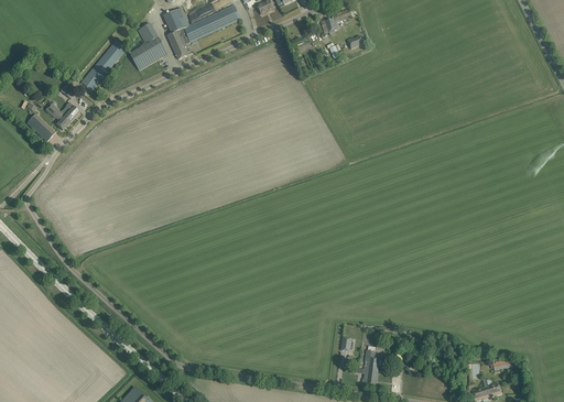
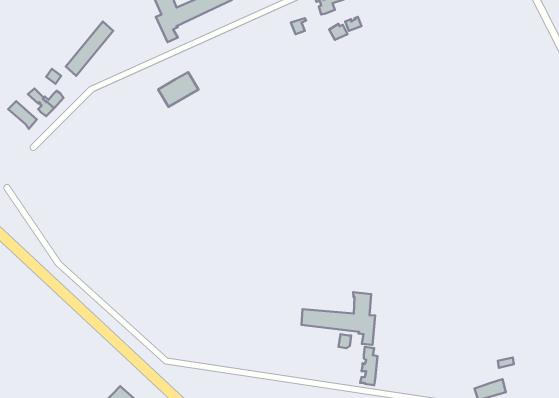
building: [130,36,169,69] -> [158,72,199,107]
building: none -> [301,292,375,345]

